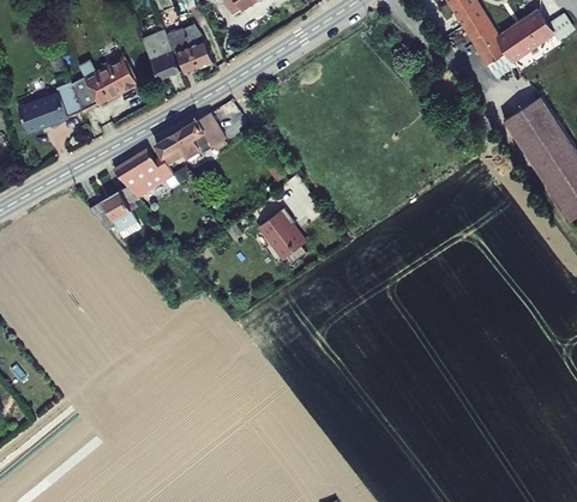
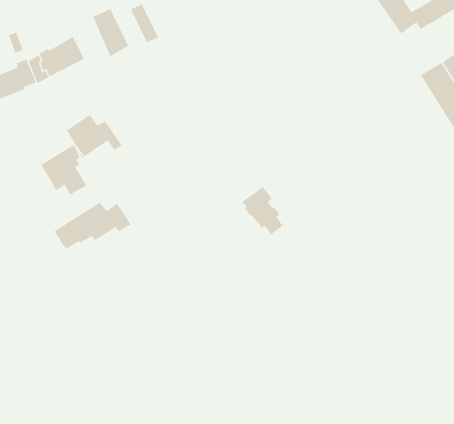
building: [168,35,204,78] -> none
building: [151,114,238,167] -> [54,202,131,249]
building: [257,208,303,262] -> [242,187,284,235]

